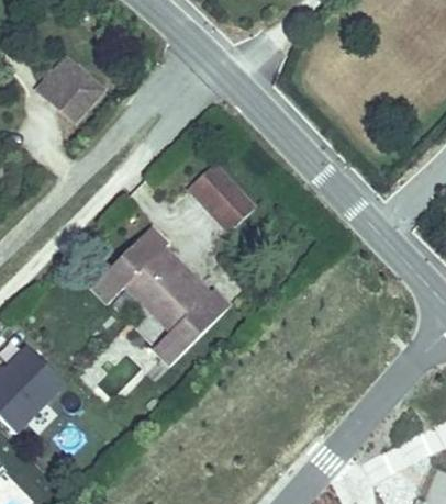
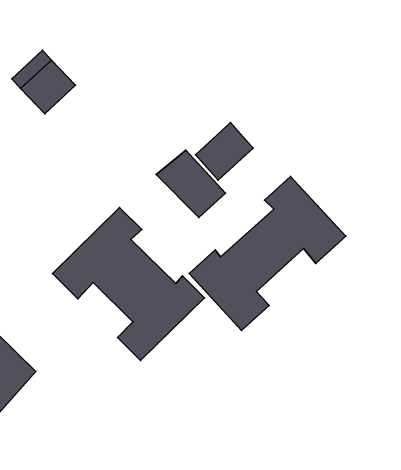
building: none -> [195,123,253,180]
building: none -> [189,176,346,330]

